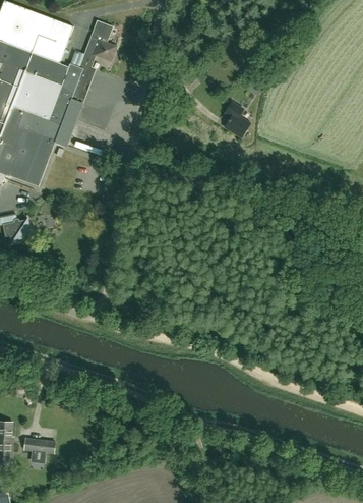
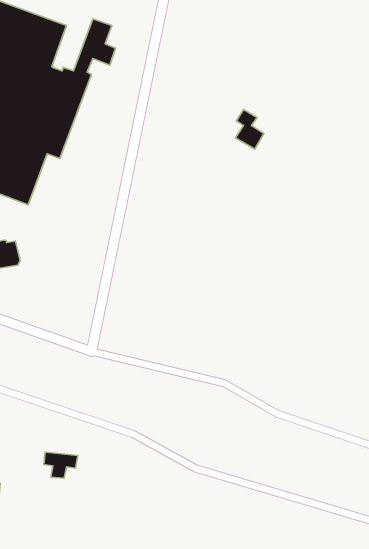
building: [24,439,55,462] -> [44,452,78,478]

